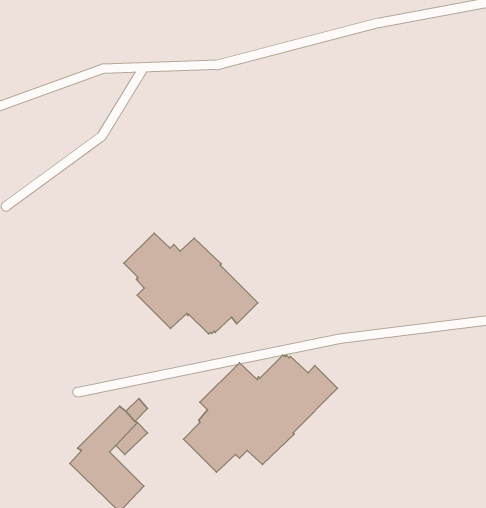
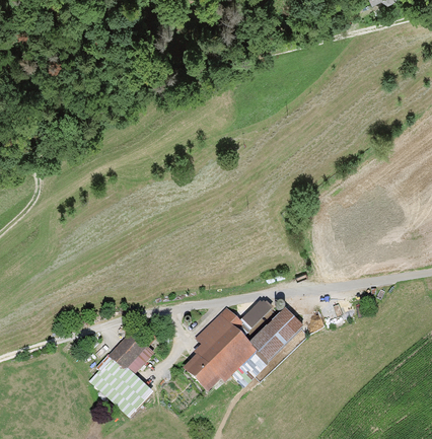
building: [124,233,258,334] -> none

